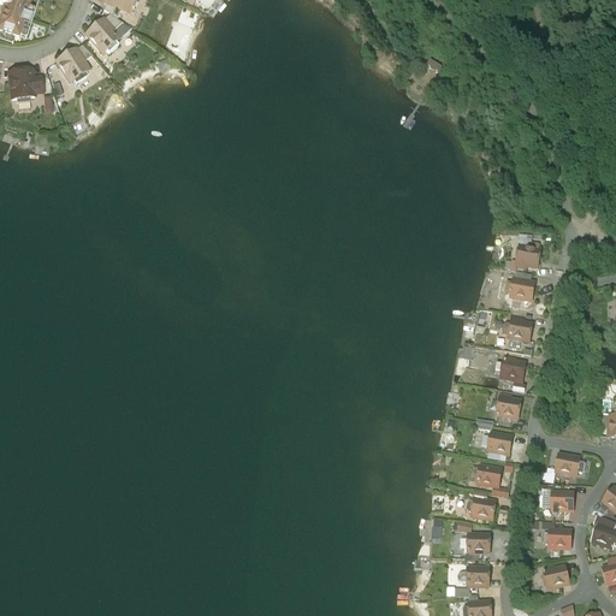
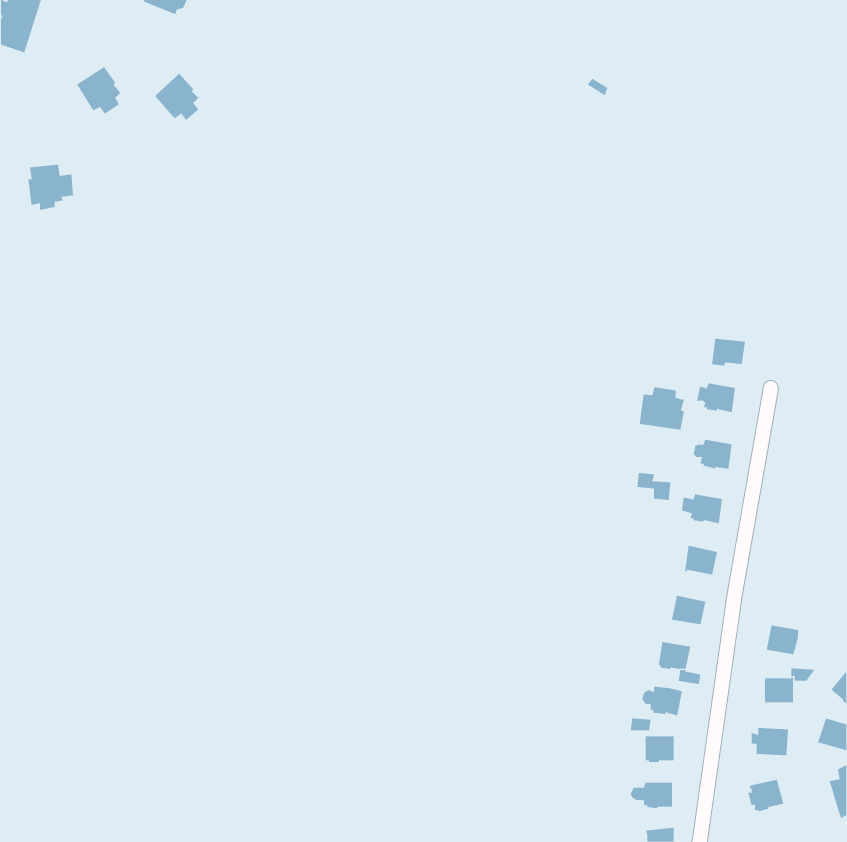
building: [85,18,118,53] -> [154,73,199,121]
building: [8,70,42,103] -> [27,164,74,210]
building: none -> [639,386,684,430]

